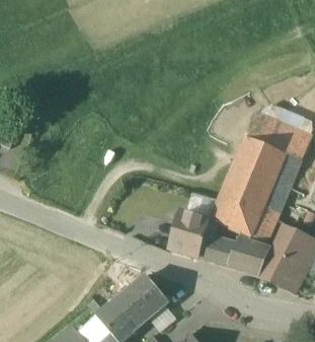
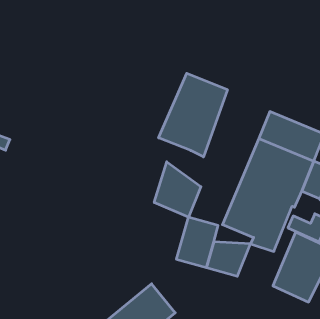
building: none -> [159,73,227,157]
building: none -> [154,162,201,217]
building: [227,235,270,275] -> none

